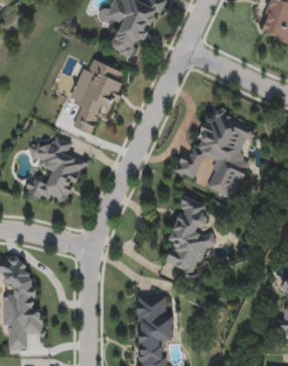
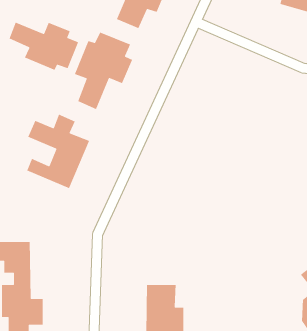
building: none -> [8,22,79,71]
building: [174,109,255,200] -> none
building: [167,197,210,282] -> none

